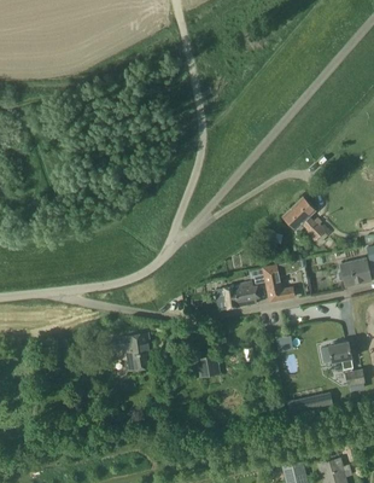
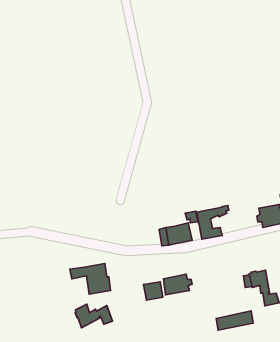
building: [281,197,327,244] -> none
building: none -> [164,274,192,295]
building: none -> [75,304,112,328]

